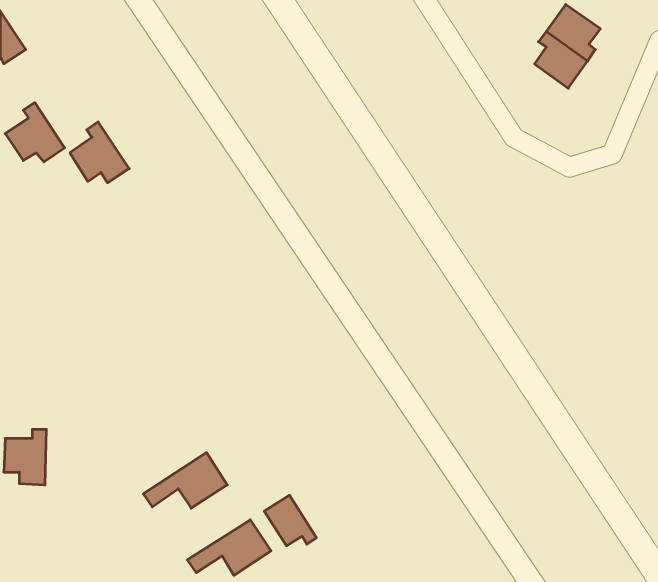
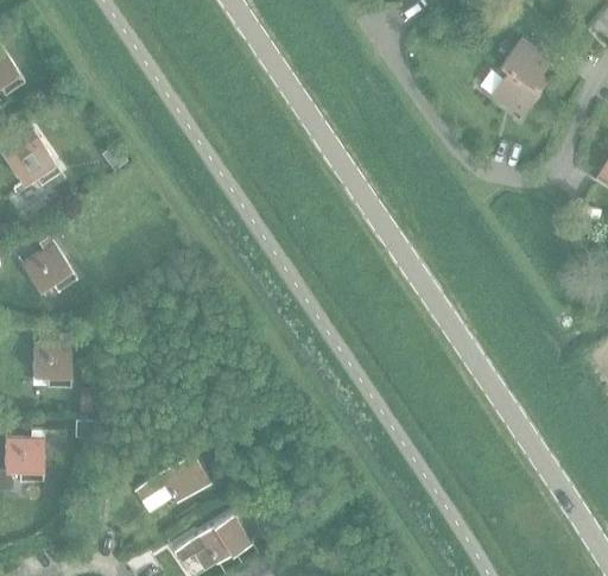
building: [70,122,129,183] -> [21,238,76,293]
building: none -> [32,337,71,388]
building: [264,495,316,546] -> none

